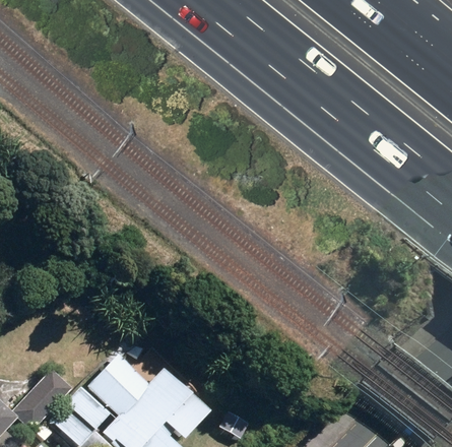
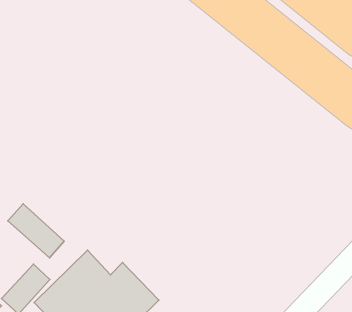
building: none -> [8,204,64,258]

